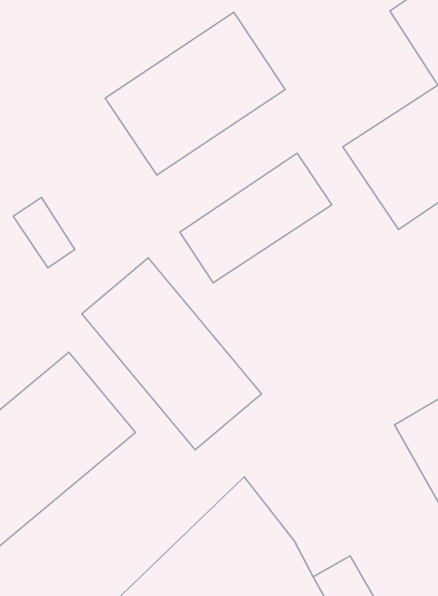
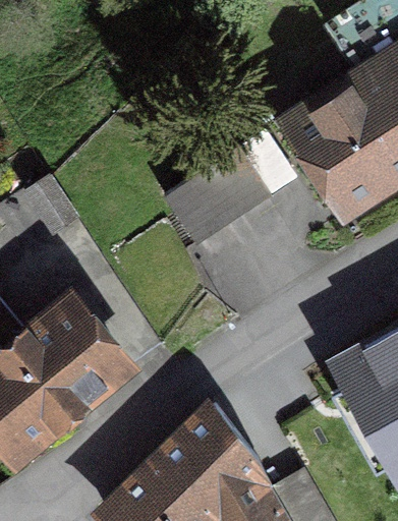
building: [105,12,285,175] -> none
building: [82,258,262,450] -> none

